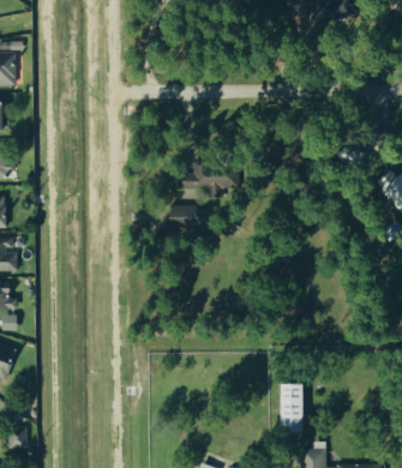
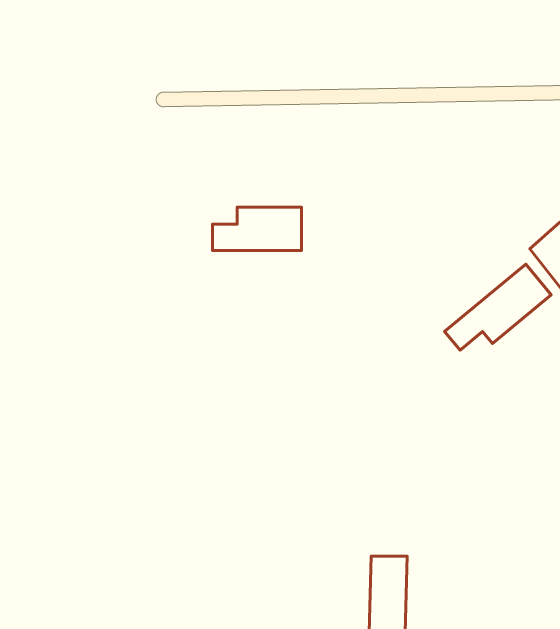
building: none -> [445,264,551,350]
building: [161,205,192,230] -> none

